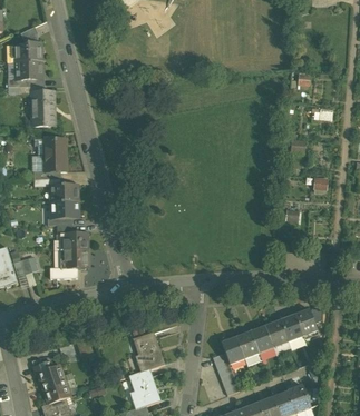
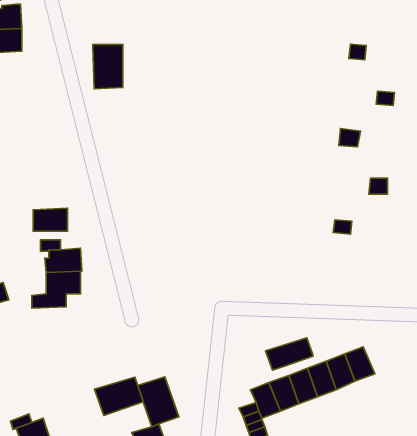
building: [30,91,53,126] -> [93,45,123,89]
building: [42,137,66,171] -> none
building: [49,184,77,201] -> none
building: none -> [266,338,313,370]
building: none -> [95,377,143,416]

